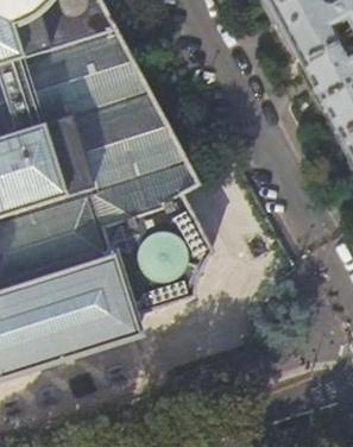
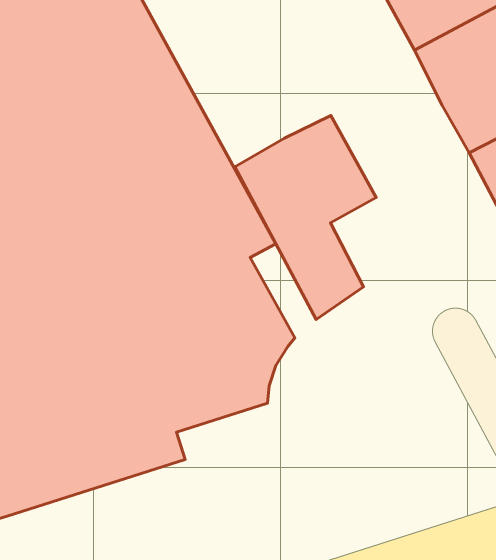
building: none -> [235,115,376,319]

